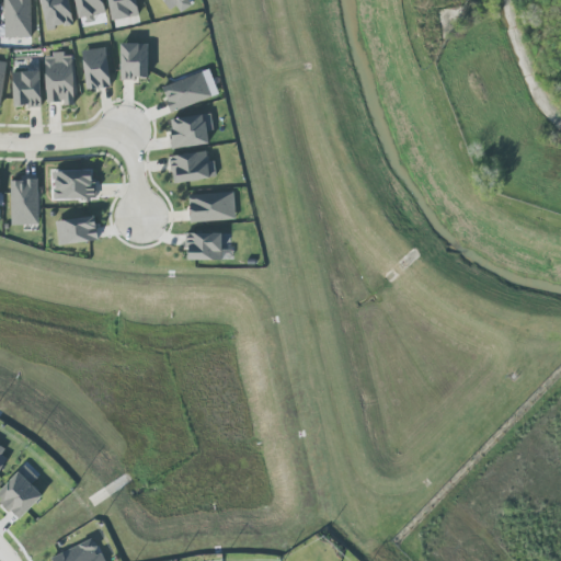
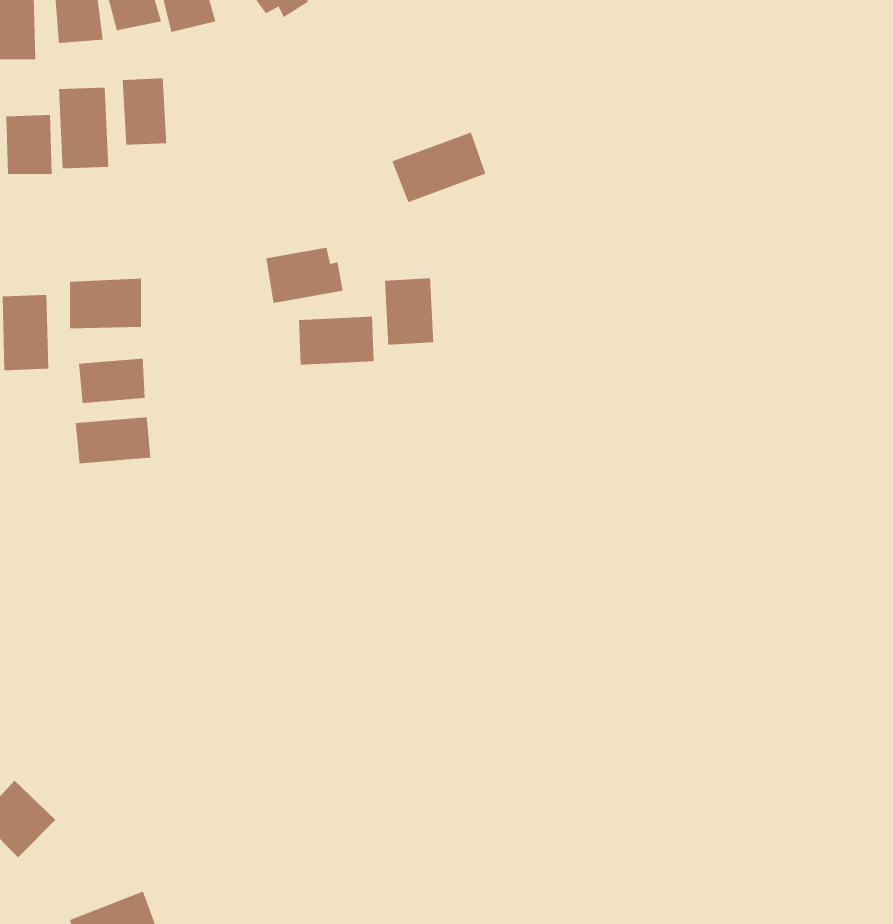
building: [121,42,149,78] -> none
building: [162,68,219,111] -> [391,132,486,203]
building: [169,112,209,148] -> none
building: none -> [385,277,434,346]
building: [186,231,222,259] -> none
building: none -> [75,416,151,464]

